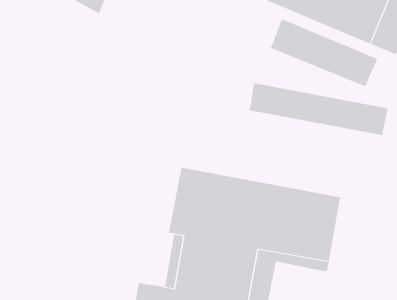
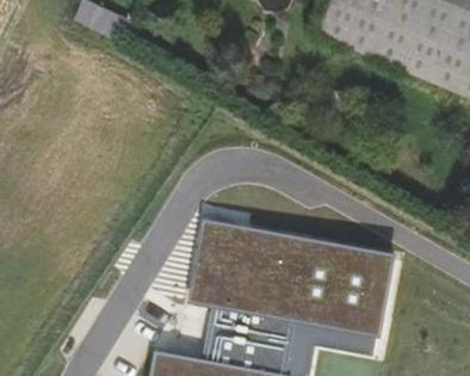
building: [270,19,378,87] -> none
building: [249,83,388,136] -> none

